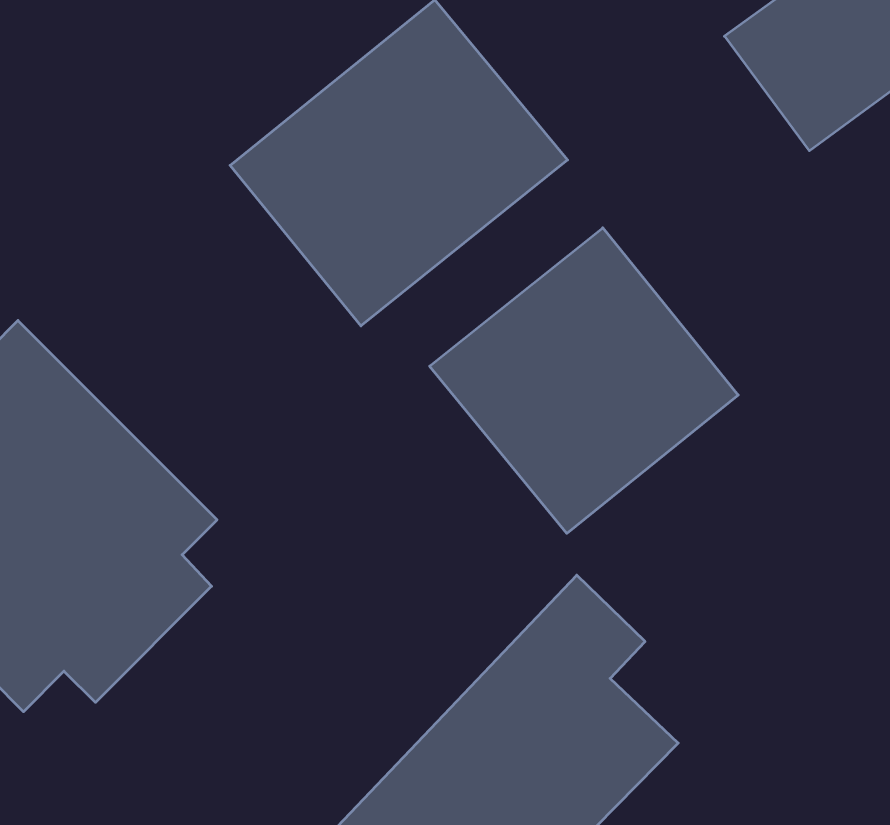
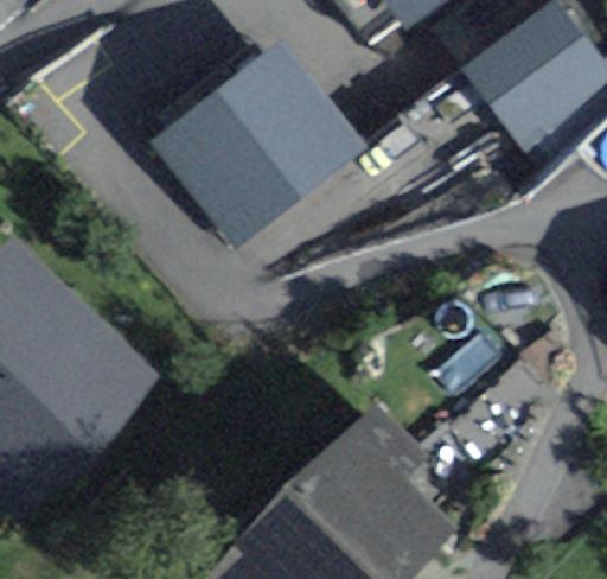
building: [430,228,738,533] -> none

